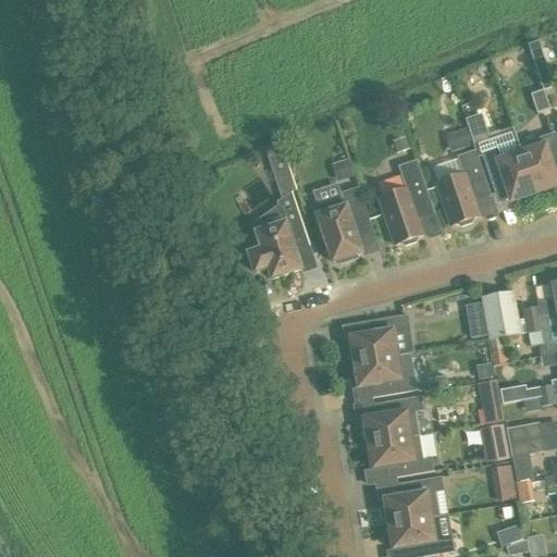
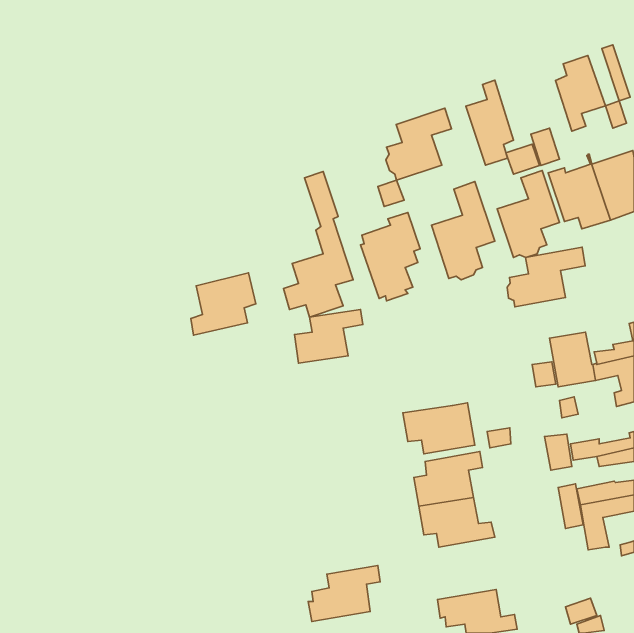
building: none -> [555,56,605,131]
building: none -> [466,80,513,165]
building: none -> [386,108,451,180]
building: none -> [507,247,585,307]
building: none -> [191,273,256,335]
building: [349,314,409,361] -> [295,310,363,363]
building: [490,465,517,503] -> none
building: [380,475,443,524] -> [308,566,380,621]

